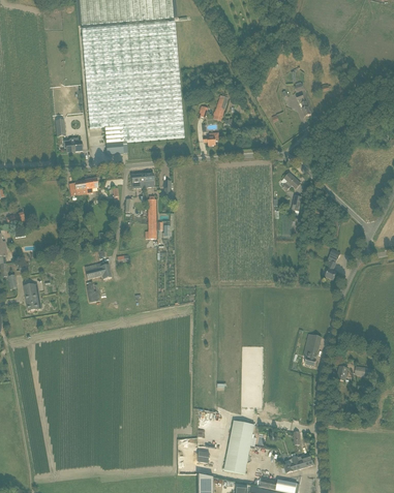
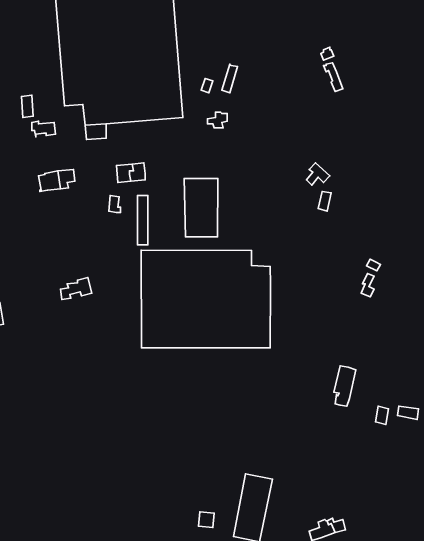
building: none -> [184,179,218,237]
building: none -> [141,250,270,348]

